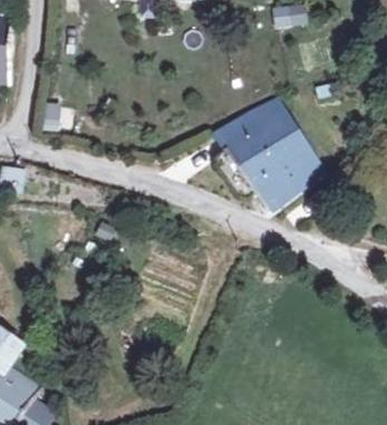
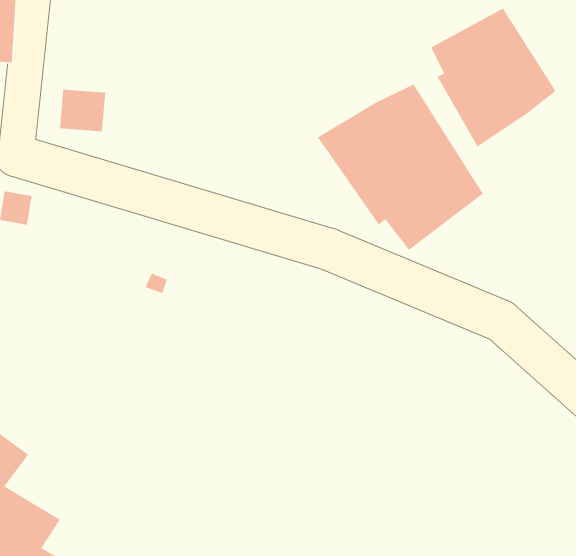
building: none -> [430,8,556,148]

